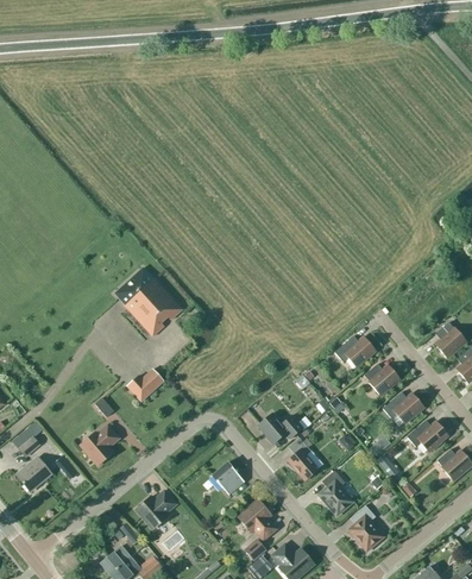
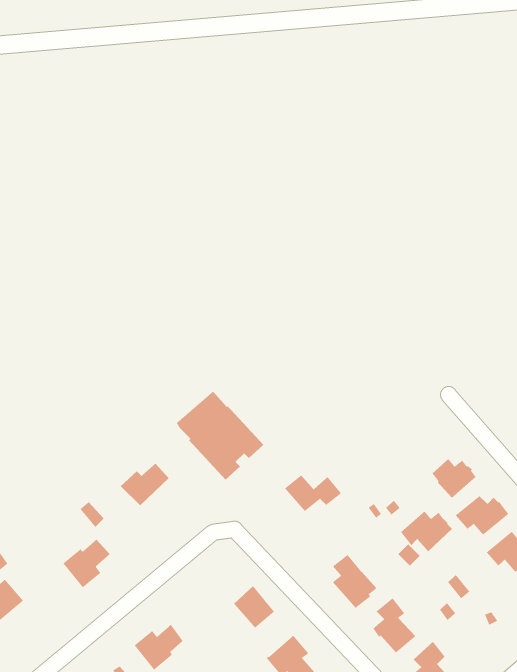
building: [115,268,183,336] -> [176,391,264,481]
building: [335,335,376,367] -> [400,510,453,552]
building: [259,414,303,442] -> [284,475,342,512]

